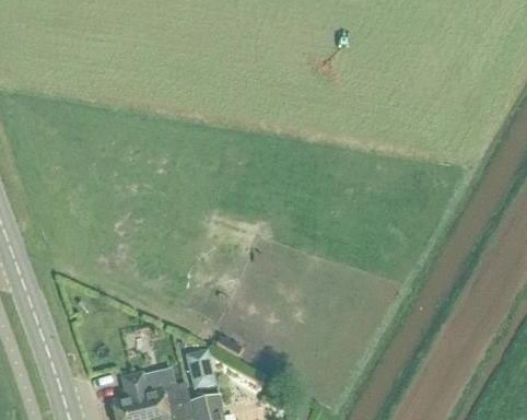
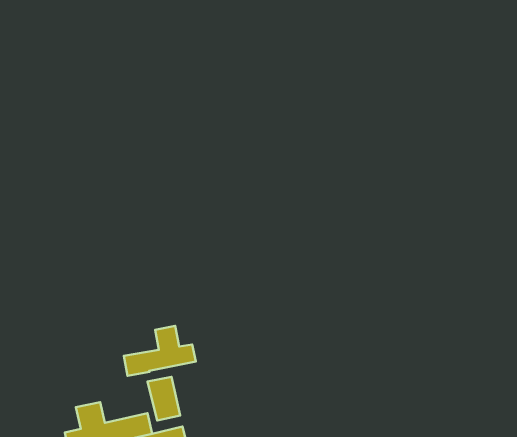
building: none -> [124,326,196,376]

